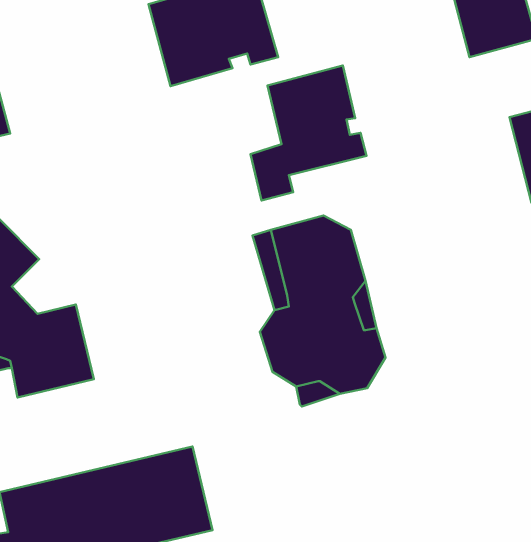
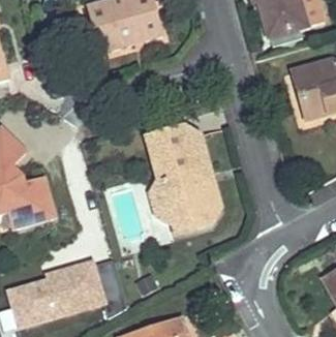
building: [251,66,366,201] -> none

